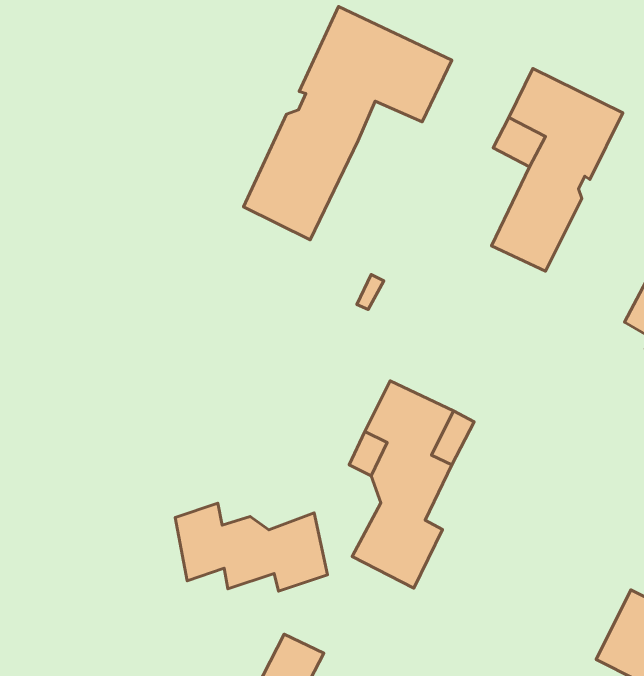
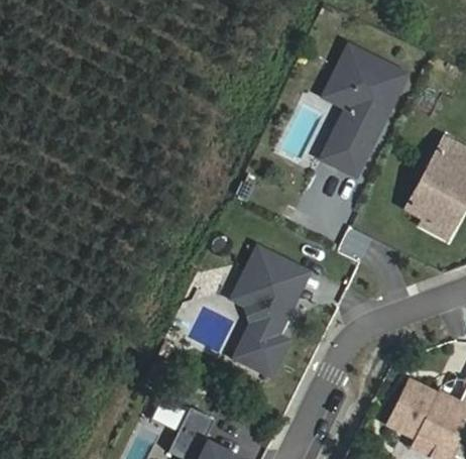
building: [244,7,452,240] -> none
building: [175,503,327,591] -> none

